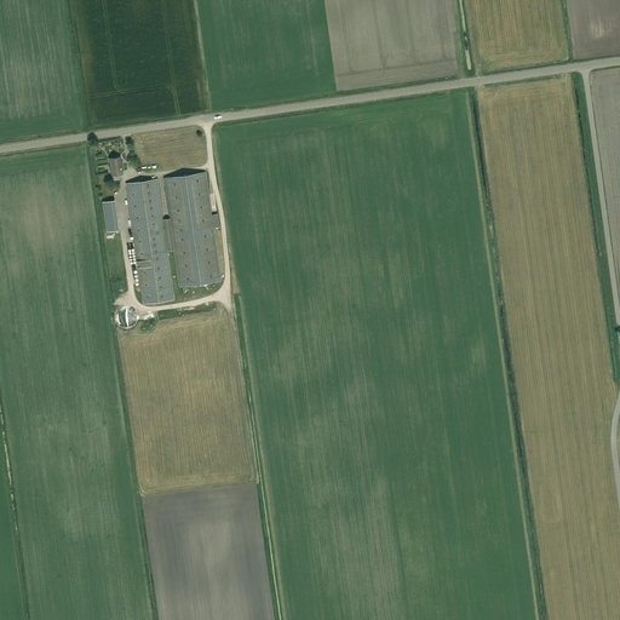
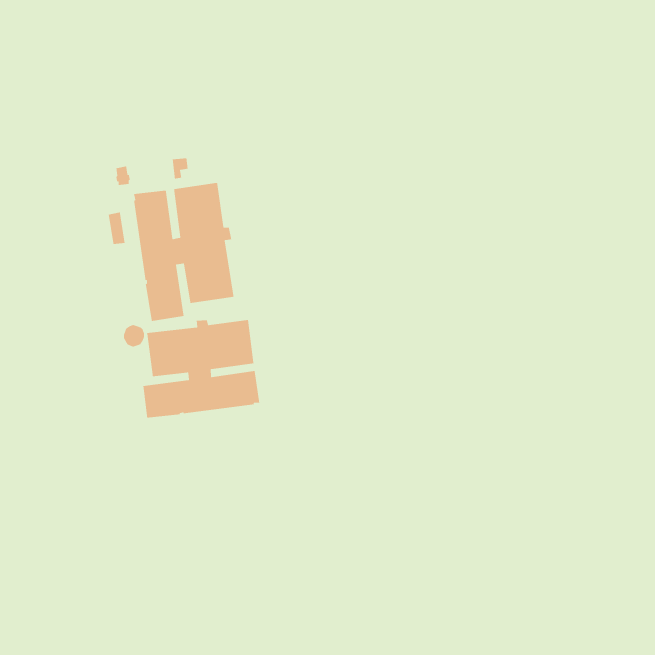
building: none -> [142,319,260,419]

